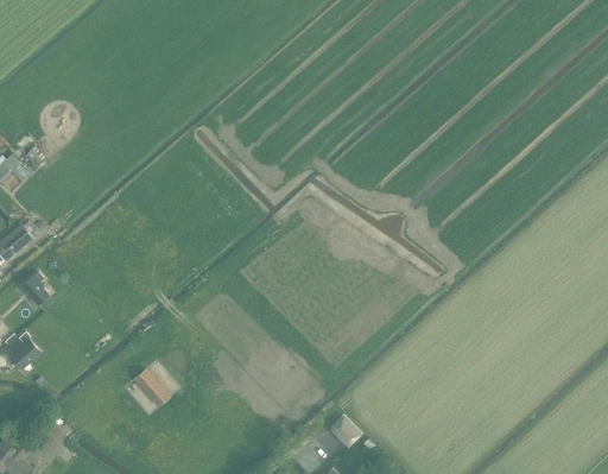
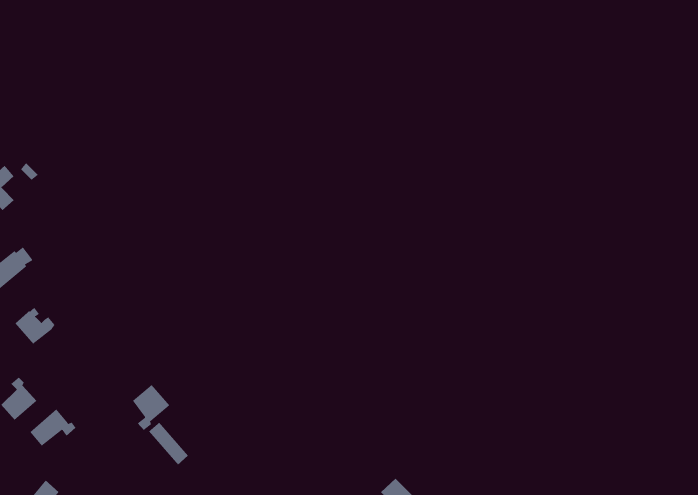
building: none -> [132,384,170,431]
building: none -> [30,409,76,447]

